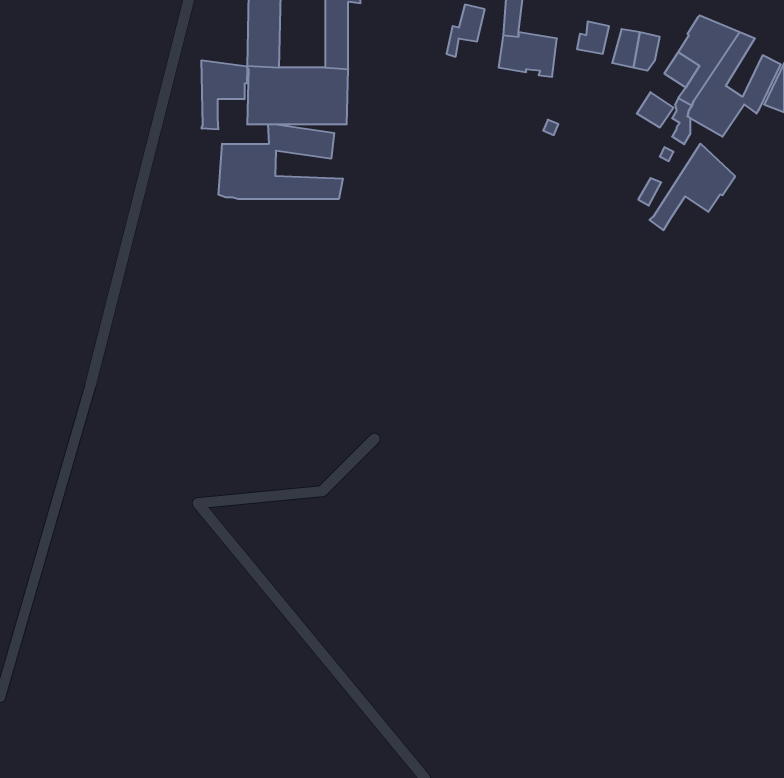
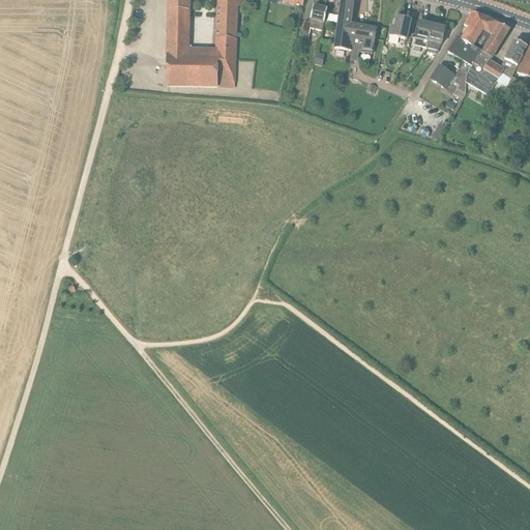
building: [202,60,247,129] -> none
building: [218,124,343,199] -> none
building: [650,144,735,230] -> none

